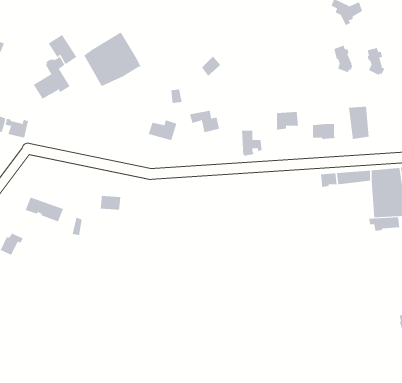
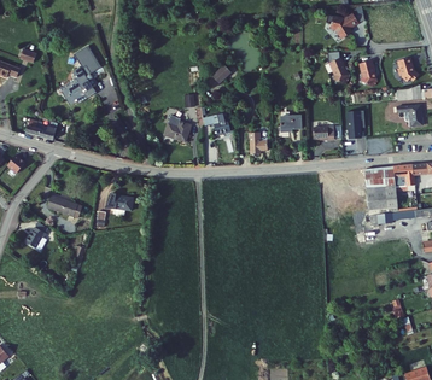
building: [83,31,142,87] -> none

